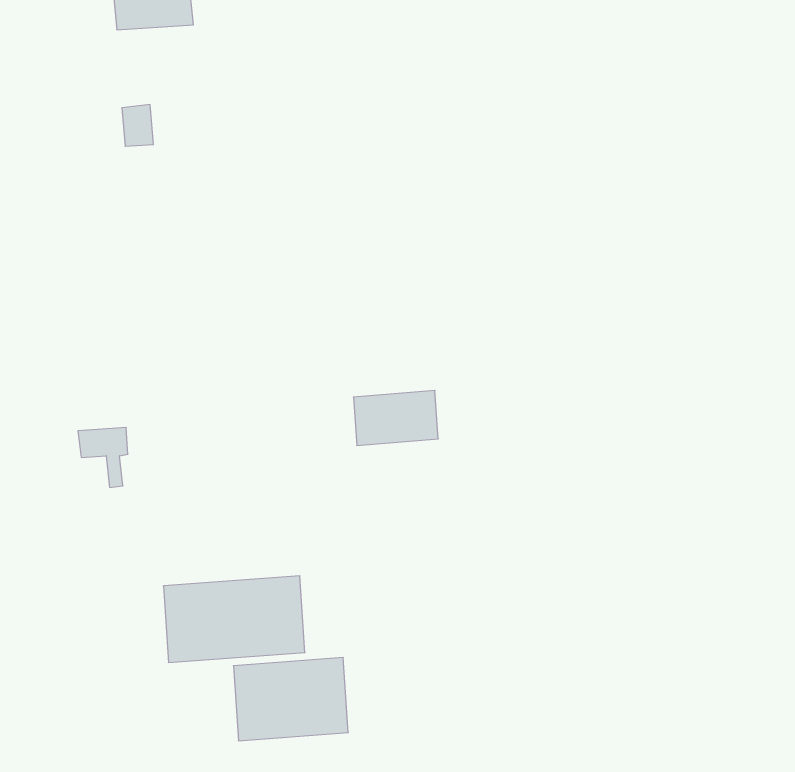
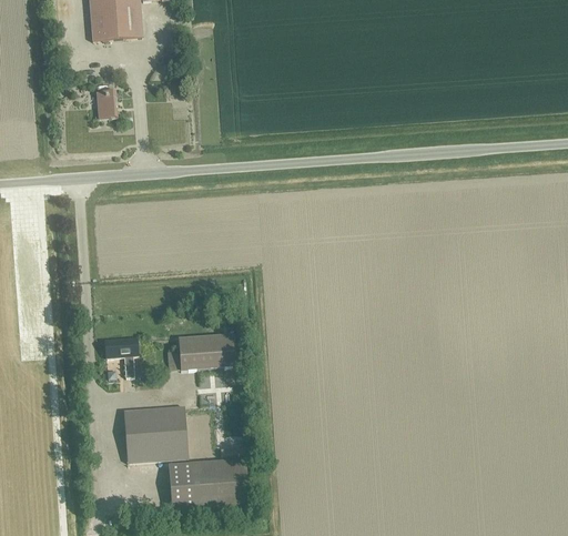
building: [353,390,438,445] -> [179,333,235,370]
building: [78,427,128,487] -> [104,336,138,376]

